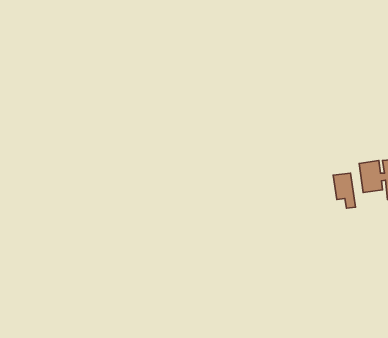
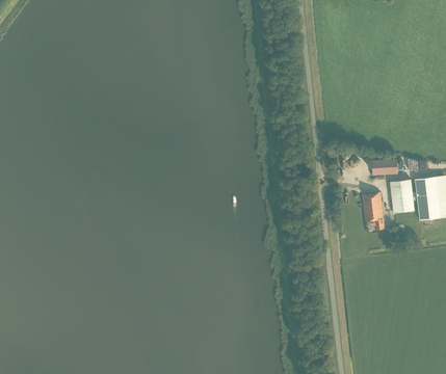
building: none -> [371,159,397,177]

